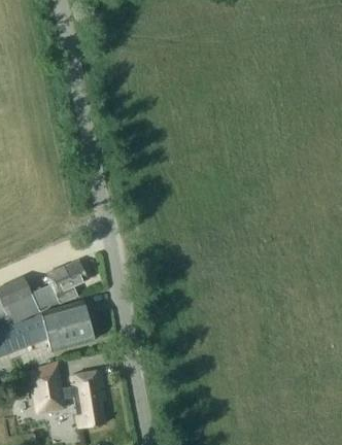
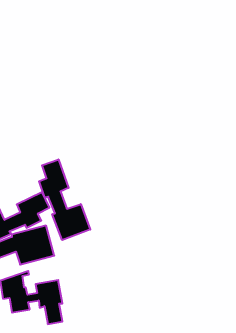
building: none -> [39,159,90,240]

